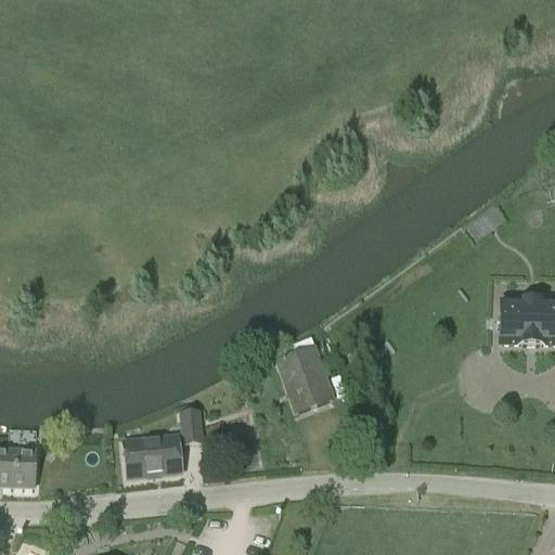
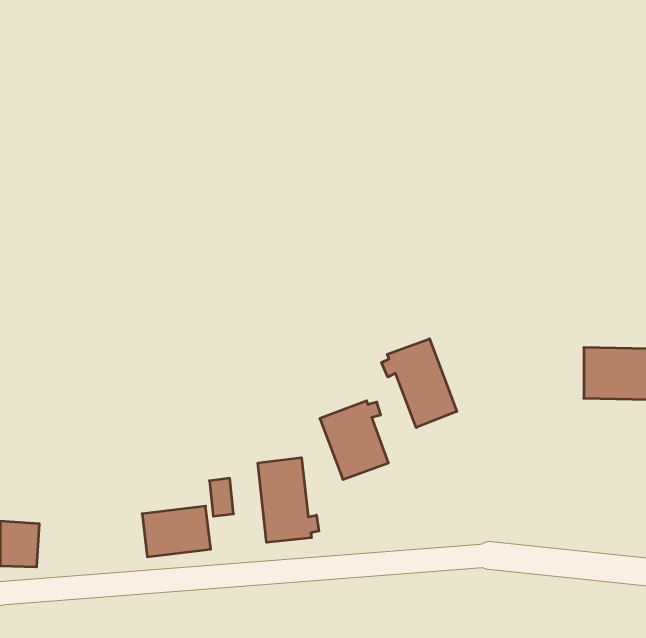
building: none -> [382,339,457,428]
building: none -> [258,458,319,542]

